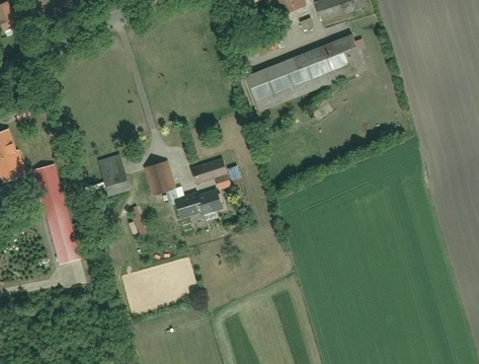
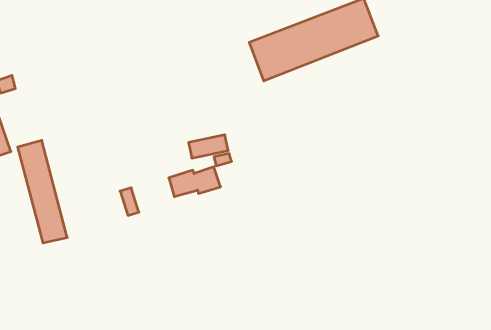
building: [96,153,129,190] -> none
building: [142,158,176,196] -> none

